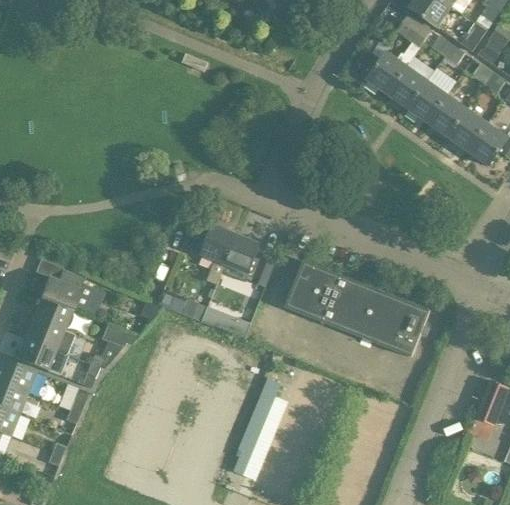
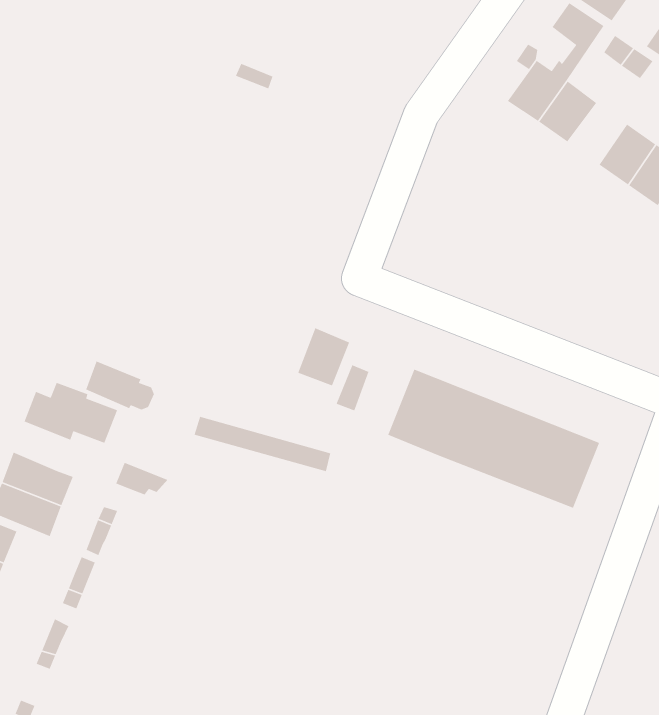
building: [408,82,448,124] -> none
building: [202,225,237,284] -> none
building: [33,298,80,332] -> [85,360,155,411]
building: [228,376,285,481] -> none

